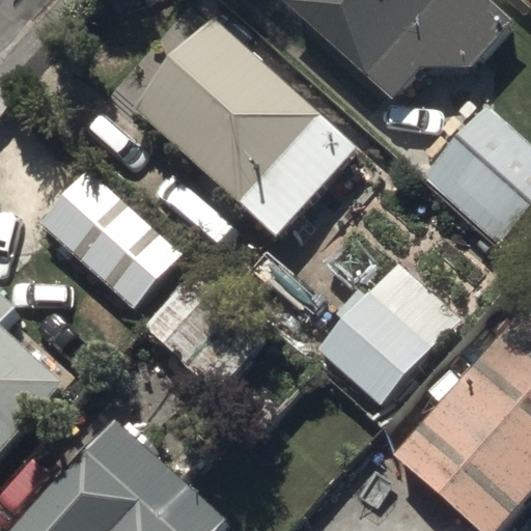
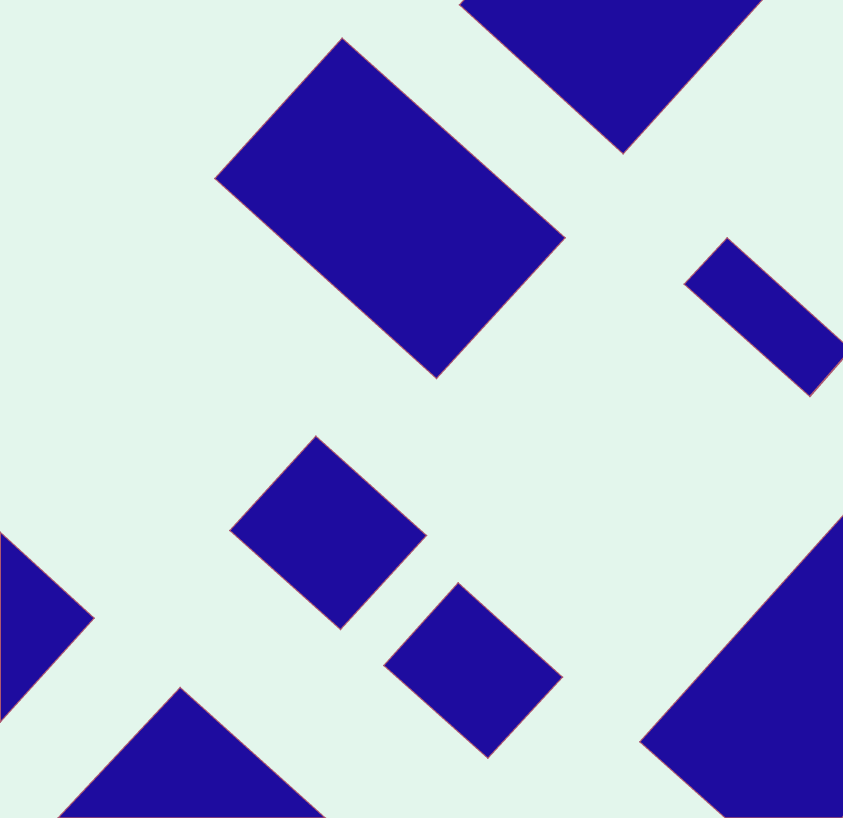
building: [37,173,178,310] -> none
building: [323,304,435,414] -> [384,583,562,758]

